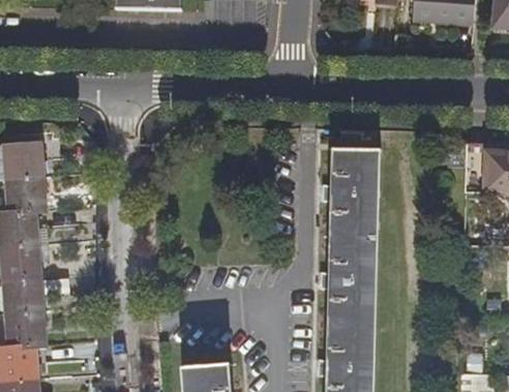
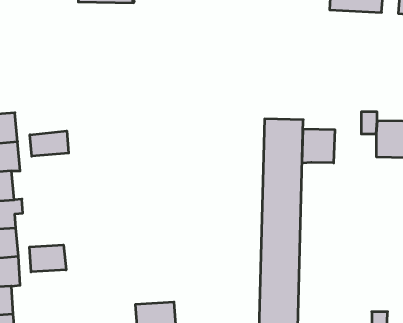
building: none -> [302,129,335,163]
building: none -> [30,131,69,156]
building: none -> [30,245,66,272]

